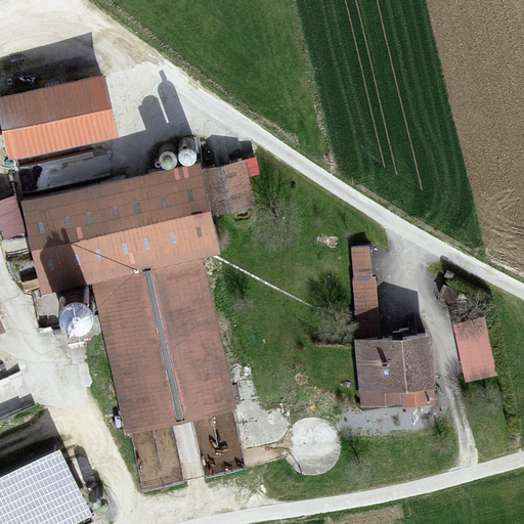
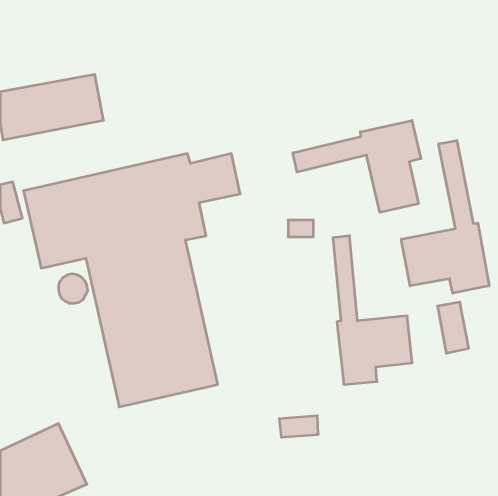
building: none -> [293,120,421,212]
building: none -> [401,140,489,293]

